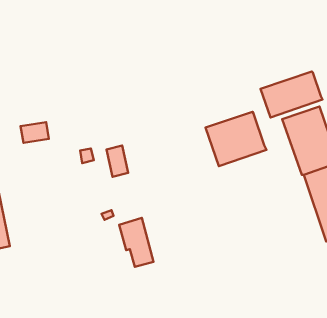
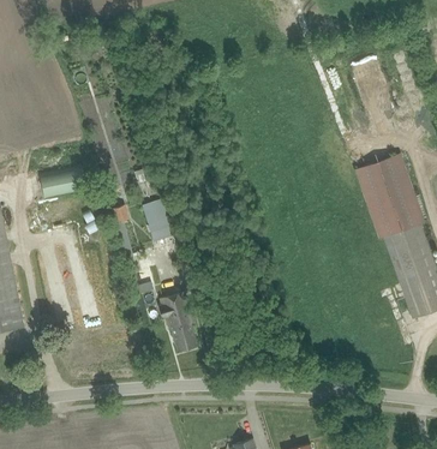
building: [260,71,323,118] -> none
building: [206,112,266,166] -> none

